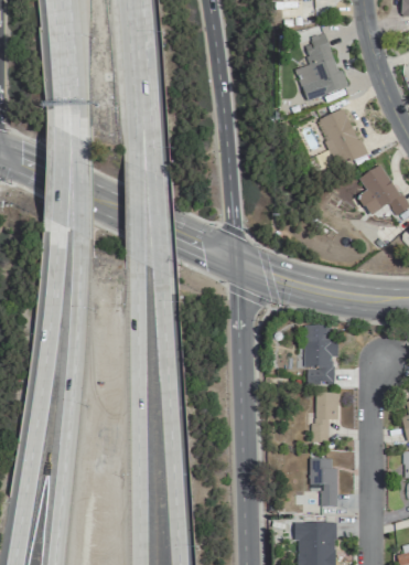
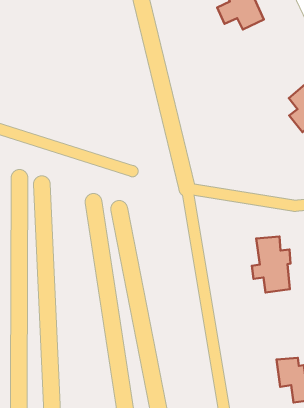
building: [319,108,366,169] -> none
building: [313,393,340,441] -> none

